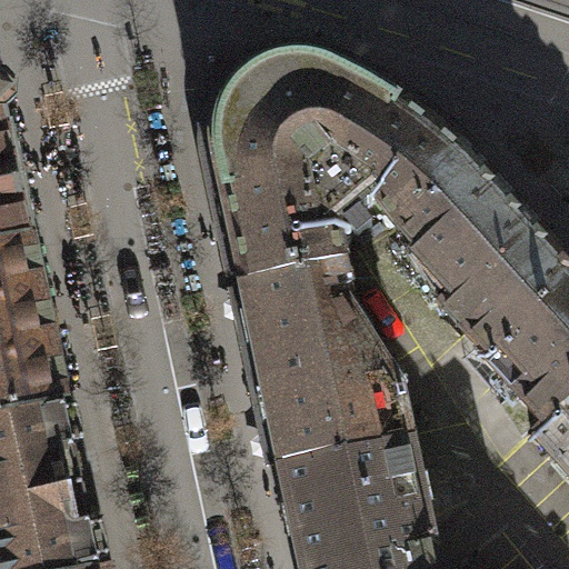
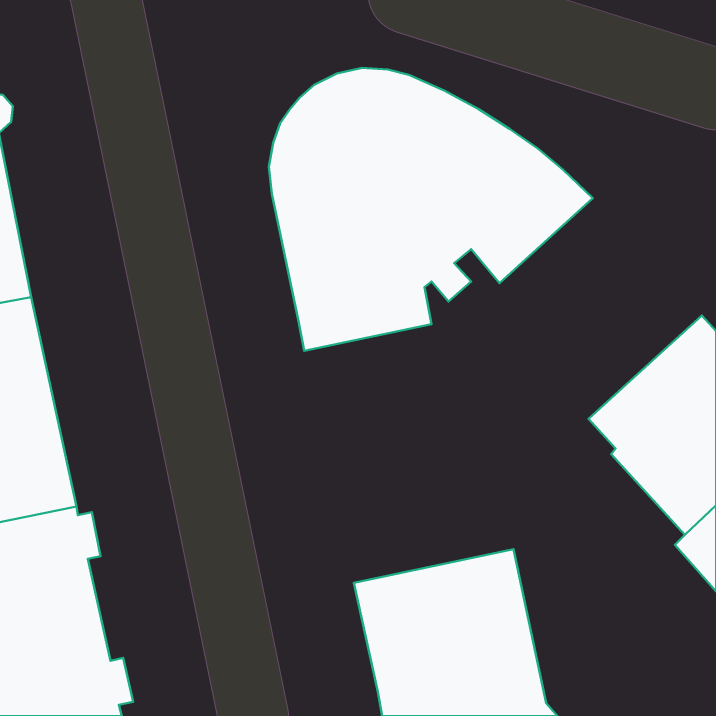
building: [392,156,551,329] -> none
building: [239,254,403,458] -> none

